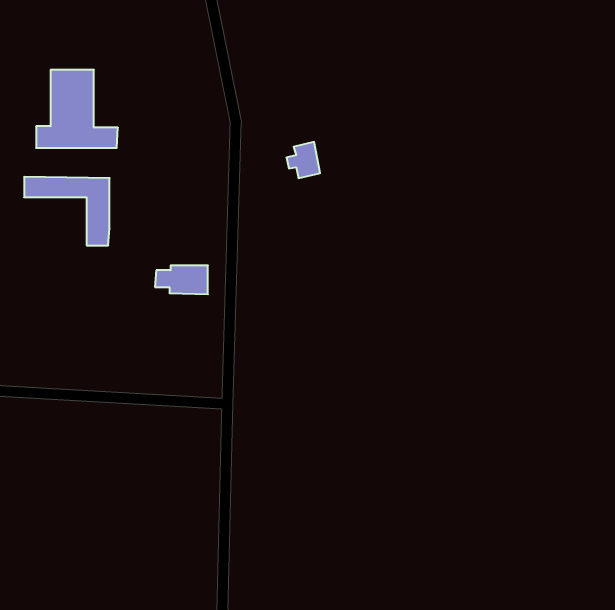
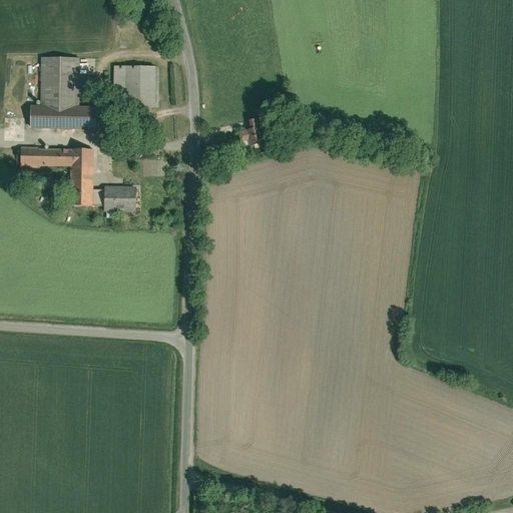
building: none -> [113,65,156,105]
building: [155,265,208,294] -> [90,186,134,210]

